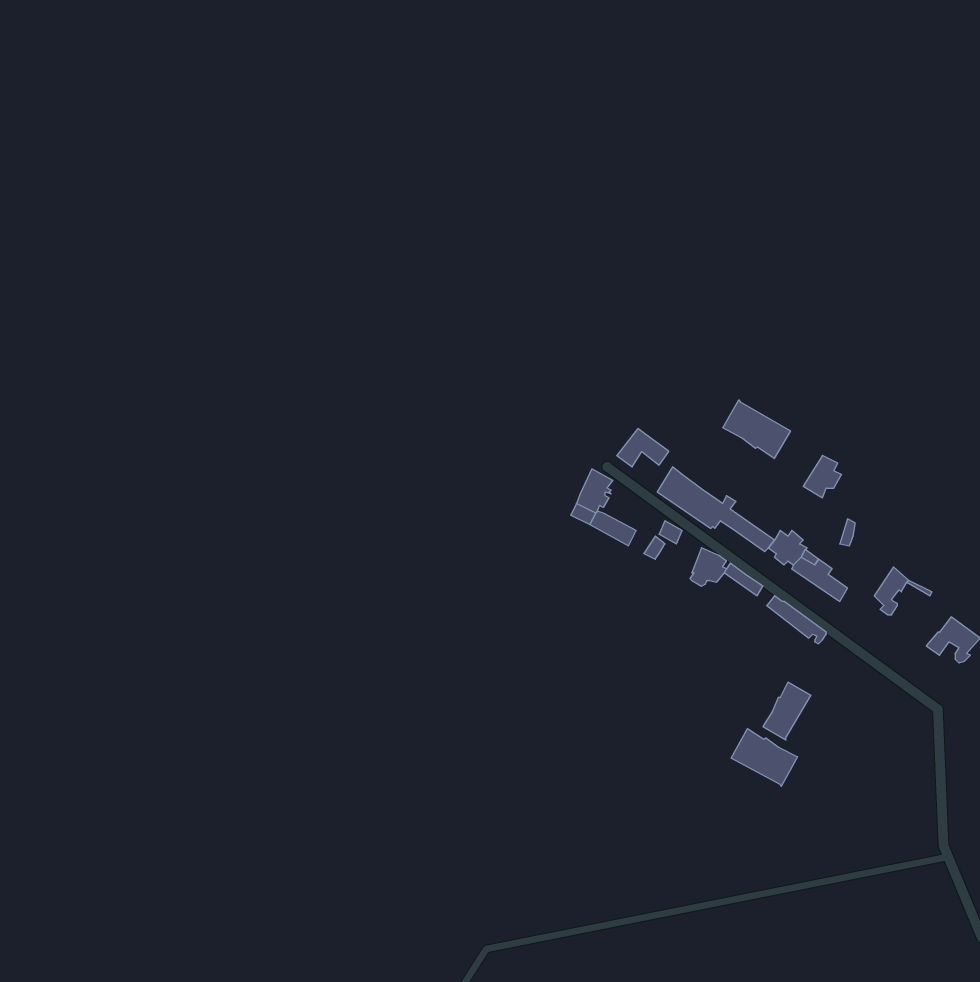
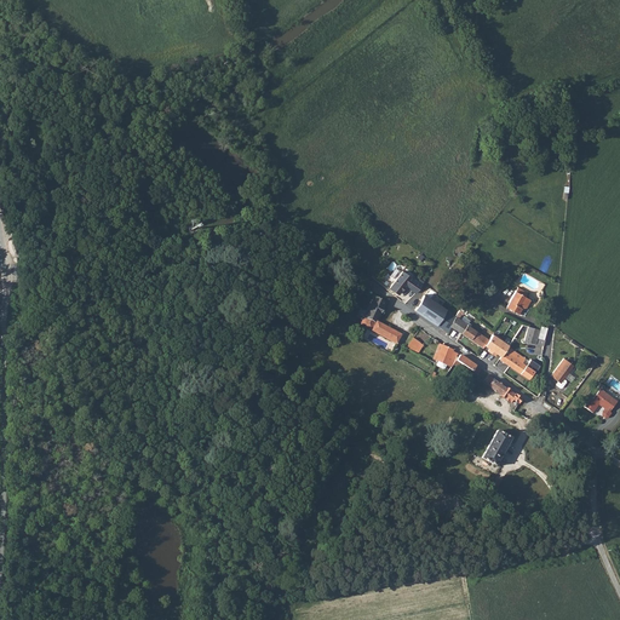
building: [723,400,790,459] -> none
building: [731,729,798,786] -> none

